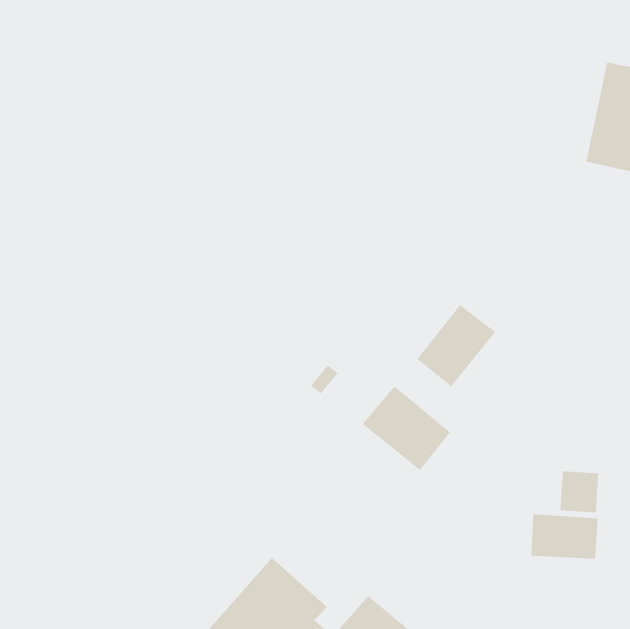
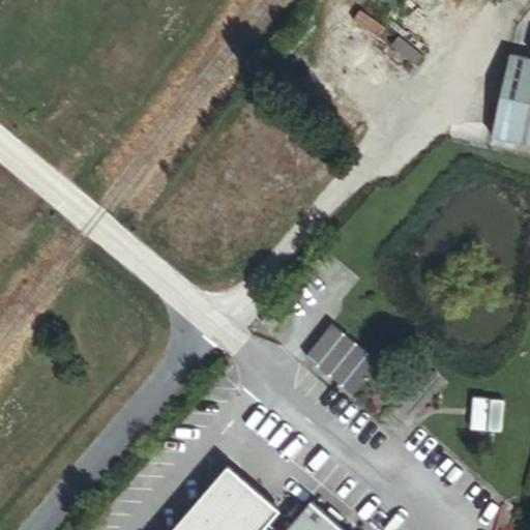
building: [417,304,496,387] -> none
building: [531,514,598,560] -> none

